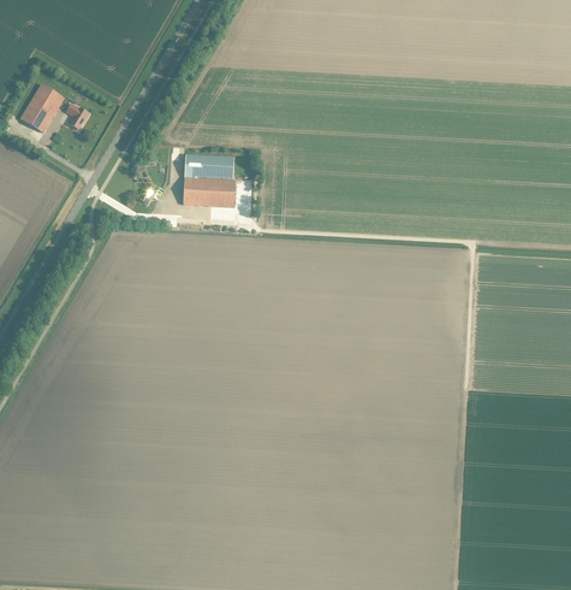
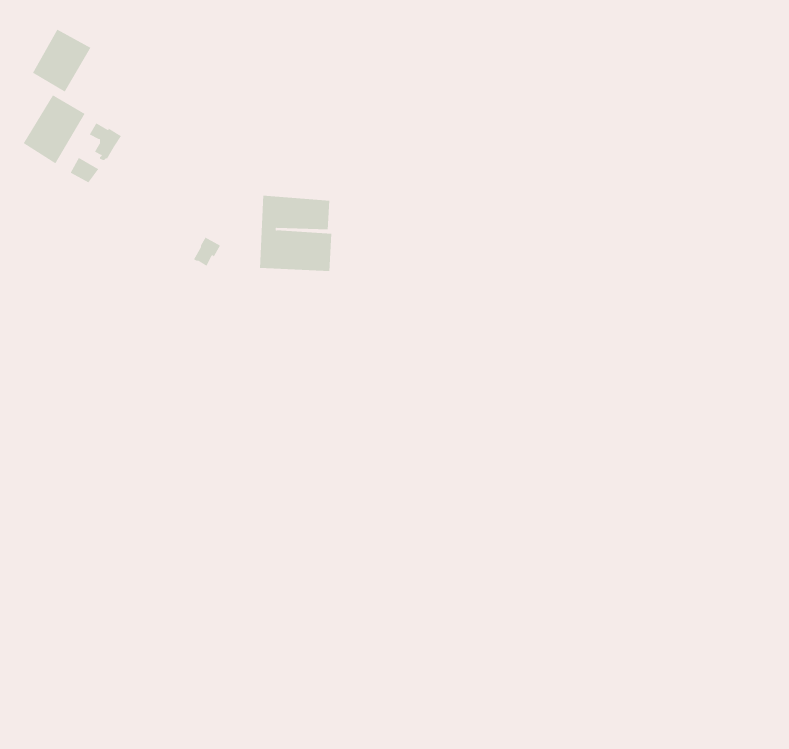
building: none -> [32,29,91,93]

